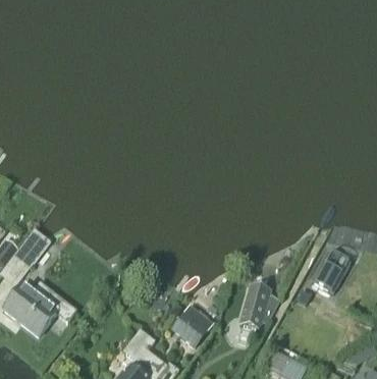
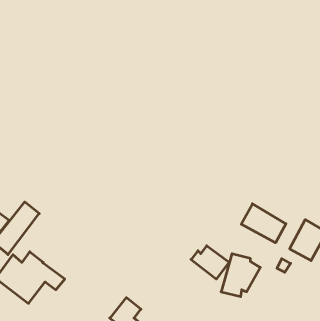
building: none -> [241,204,286,243]
building: [168,310,208,344] -> [191,246,229,279]

